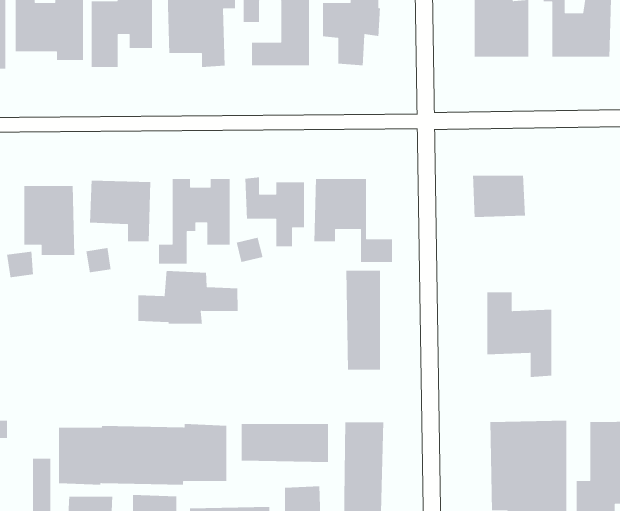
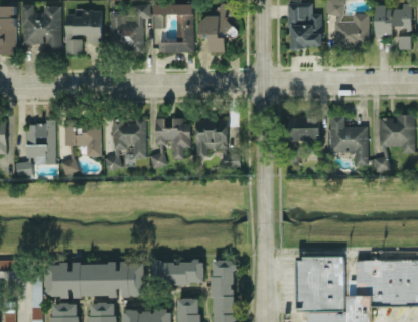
building: [346,270,381,370] -> none
building: [137,270,239,324] -> none
building: [487,291,552,378] -> [329,116,368,166]

